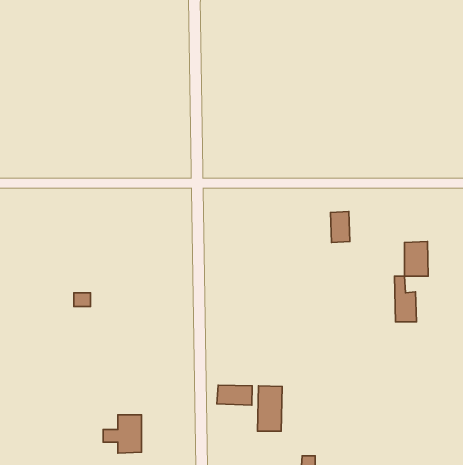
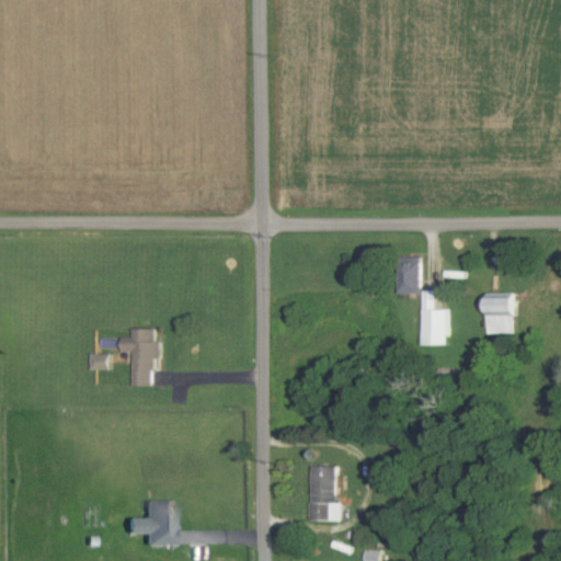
building: none -> [119,328,159,385]
building: [395,276,416,322] -> [420,289,446,344]
building: [217,385,252,405] -> none

